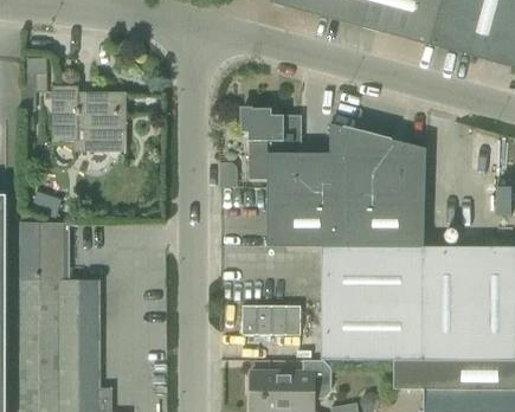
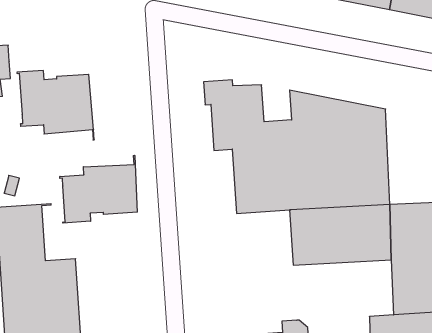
building: none -> [60,155,137,223]
building: [321,302,421,360] -> none
building: [242,304,300,334] -> none

